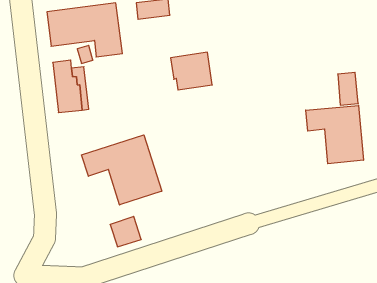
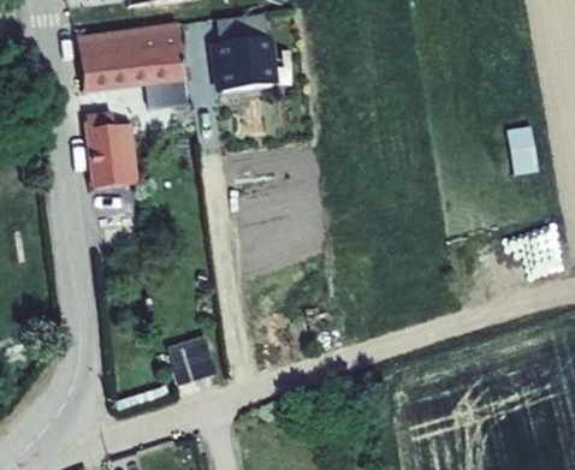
building: [171,52,212,90] -> [207,41,268,96]
building: [306,105,363,164] -> none
building: [81,135,162,205] -> none

